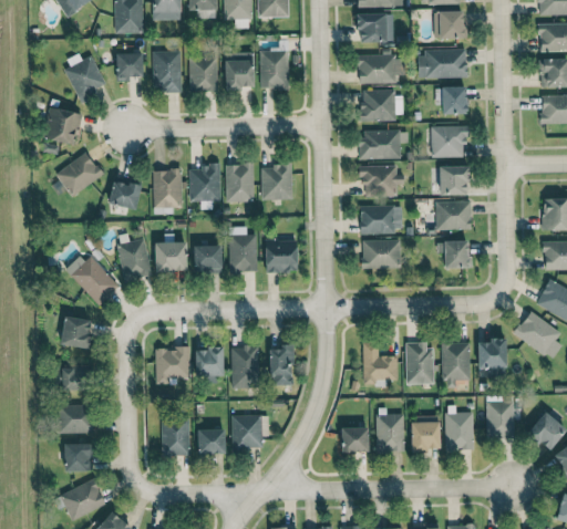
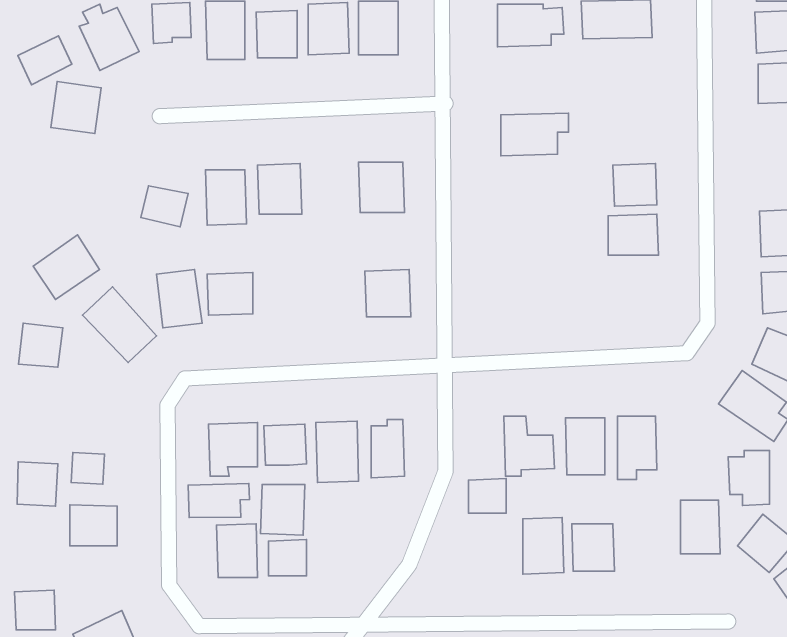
building: none -> [18,36,72,85]
building: [441,86,466,114] -> none
building: [360,91,403,120] -> none
building: [430,125,466,157] -> none
building: [55,151,102,196] -> [33,235,100,299]
building: [225,163,254,201] -> none
building: [361,165,403,196] -> none
building: [360,205,402,232] -> none
building: [228,227,257,271] -> none
building: [361,239,400,268] -> none
building: [436,240,470,268] -> none
building: [193,245,221,272] -> none
building: [60,317,91,348] -> [19,323,63,367]
building: [477,338,506,376] -> [728,450,769,506]
building: none -> [17,462,58,506]
building: none -> [188,483,249,517]
building: [445,412,473,450] -> none
building: [230,415,261,450] -> [261,485,305,535]
building: [341,427,368,452] -> [468,479,506,513]
building: [63,443,92,470] -> [15,590,56,630]

